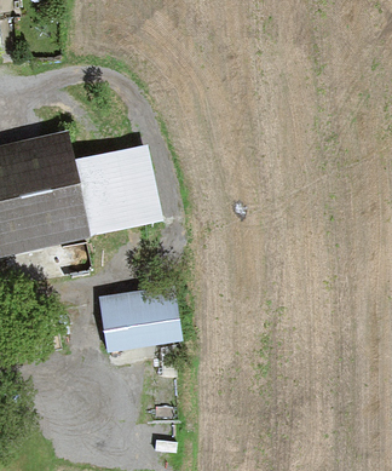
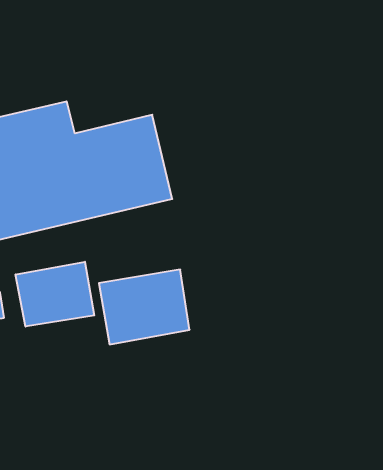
building: none -> [16,262,94,327]

